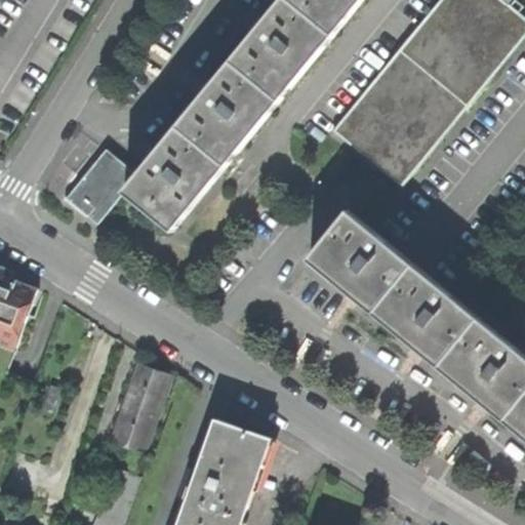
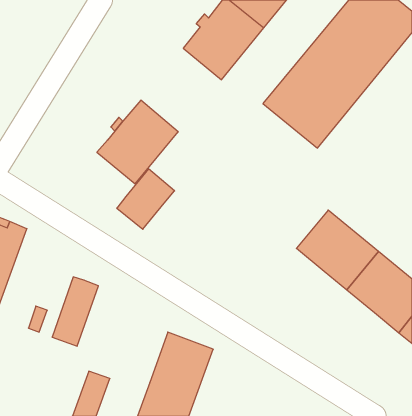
building: [177,60,279,166] -> none
building: [63,149,135,225] -> [117,169,175,229]
building: [308,210,413,313] -> none
building: [109,365,167,452] -> [52,277,98,346]

